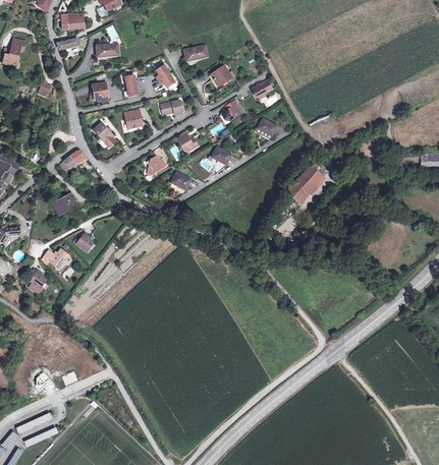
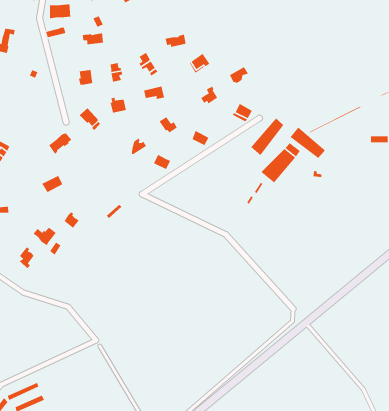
building: none -> [250,117,284,156]
building: none -> [289,127,326,159]

